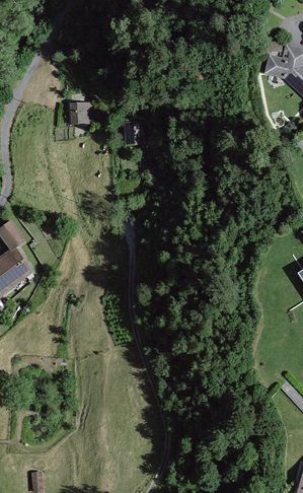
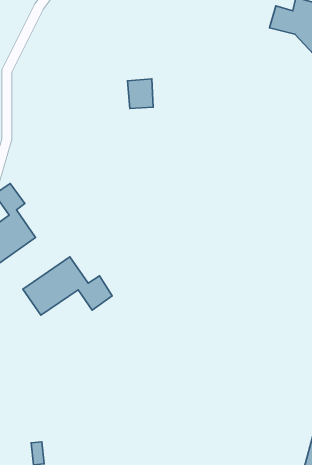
building: [71,103,94,123] -> none
building: none -> [23,257,112,315]

